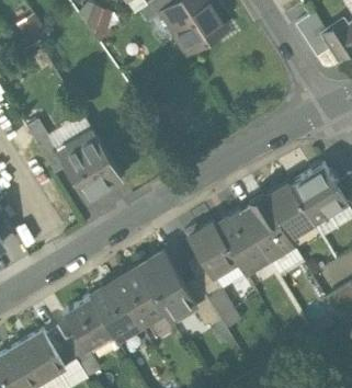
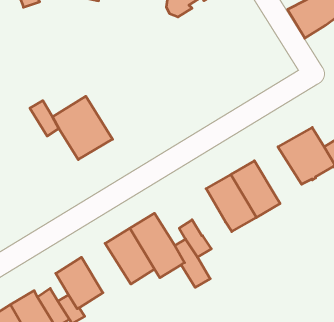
building: [266,185,315,238] -> none
building: [189,222,237,276] -> none
building: [90,284,140,340] -> none

